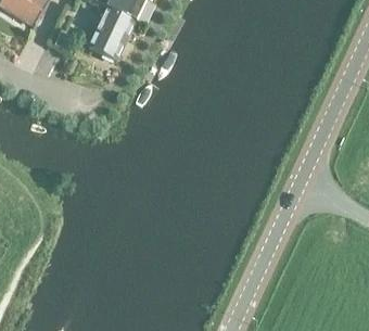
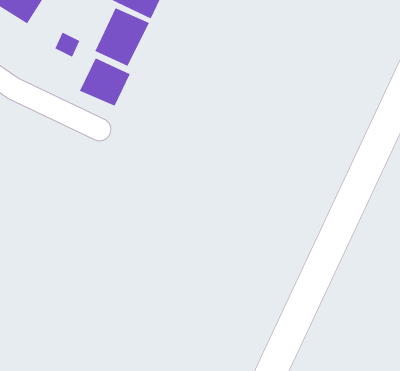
building: none -> [79,58,130,107]

